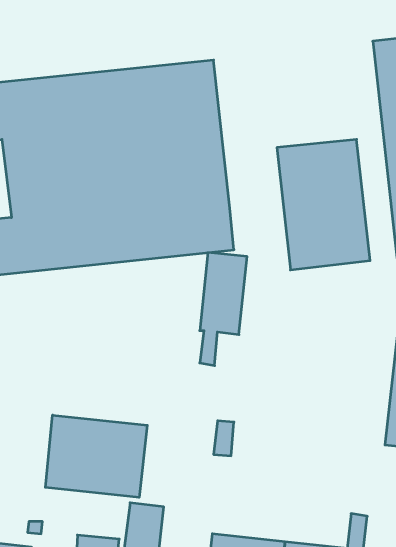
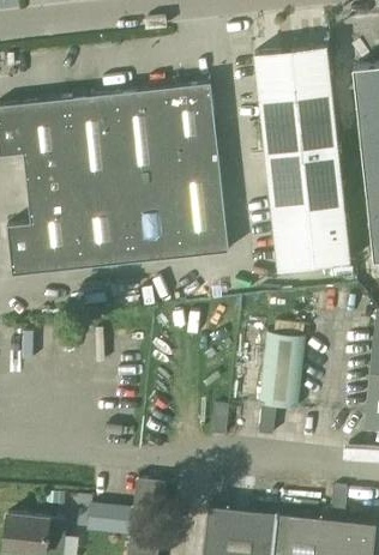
building: none -> [255,47,338,163]
building: [200,253,247,366] -> [260,337,302,438]
building: [45,415,147,497] -> none

